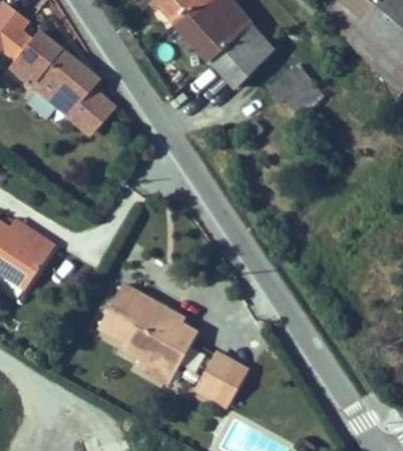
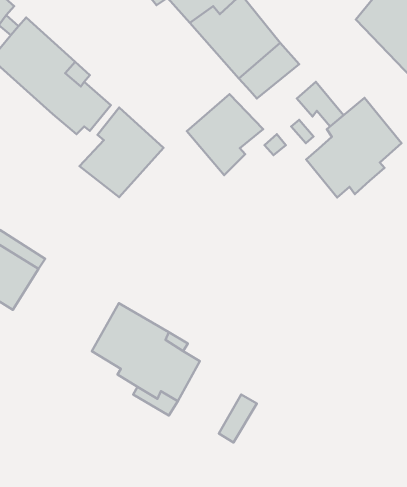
building: none -> [187,94,263,175]
building: none -> [306,98,401,198]
building: none -> [79,107,163,197]
building: [192,353,232,399] -> none

